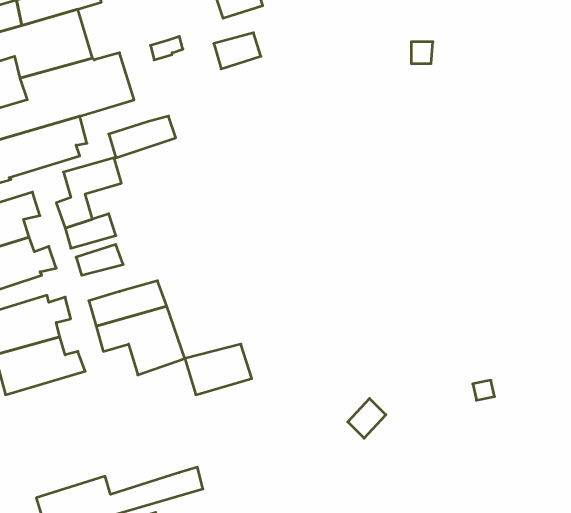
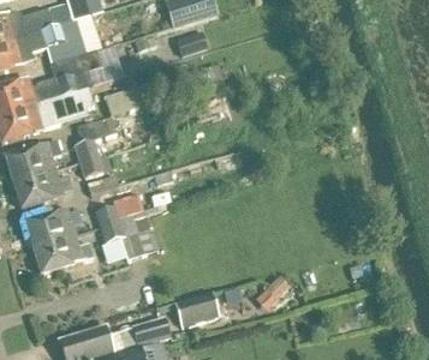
building: [185,344,252,395] -> [175,292,220,325]

